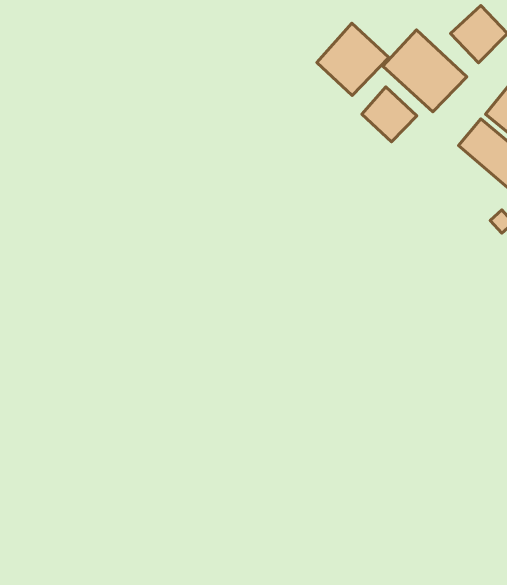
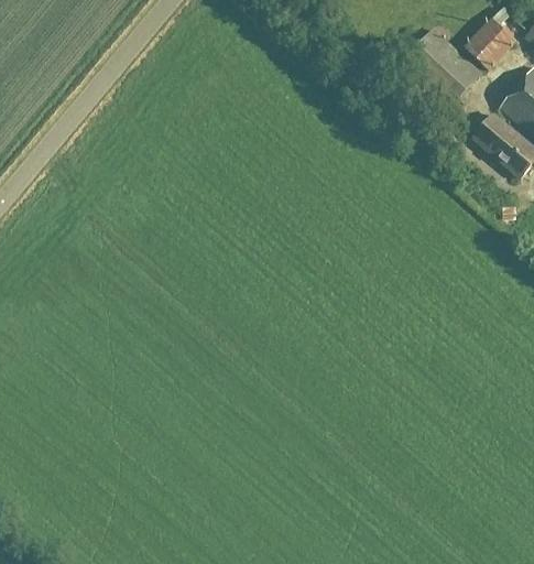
building: [317,23,389,95] -> none
building: [362,87,417,142] -> none

